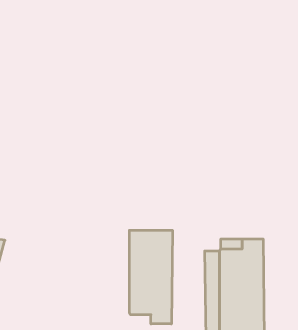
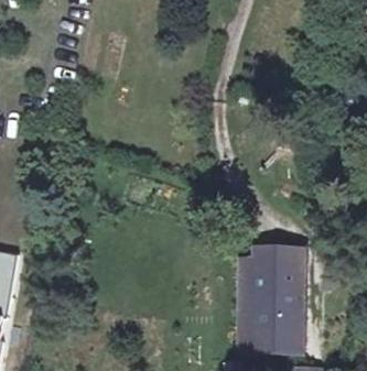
building: [129,230,172,324] -> none

